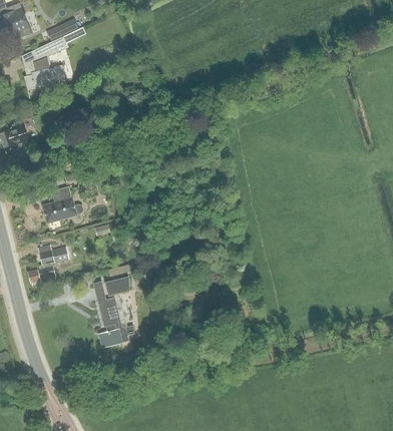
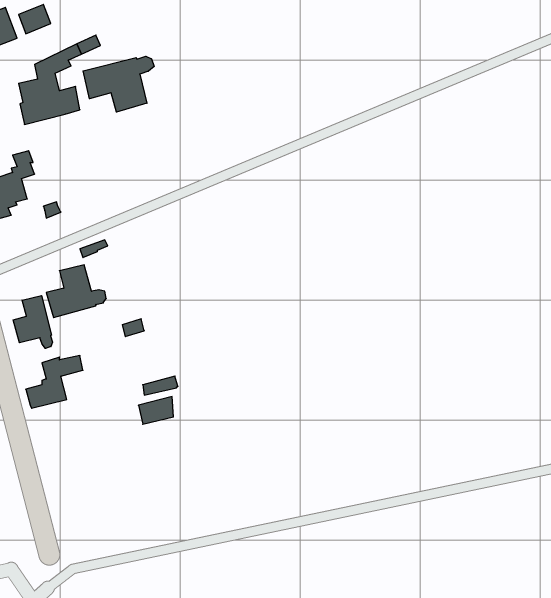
building: none -> [83,56,154,112]
building: none -> [13,296,53,348]
building: [93,281,133,346] -> none

